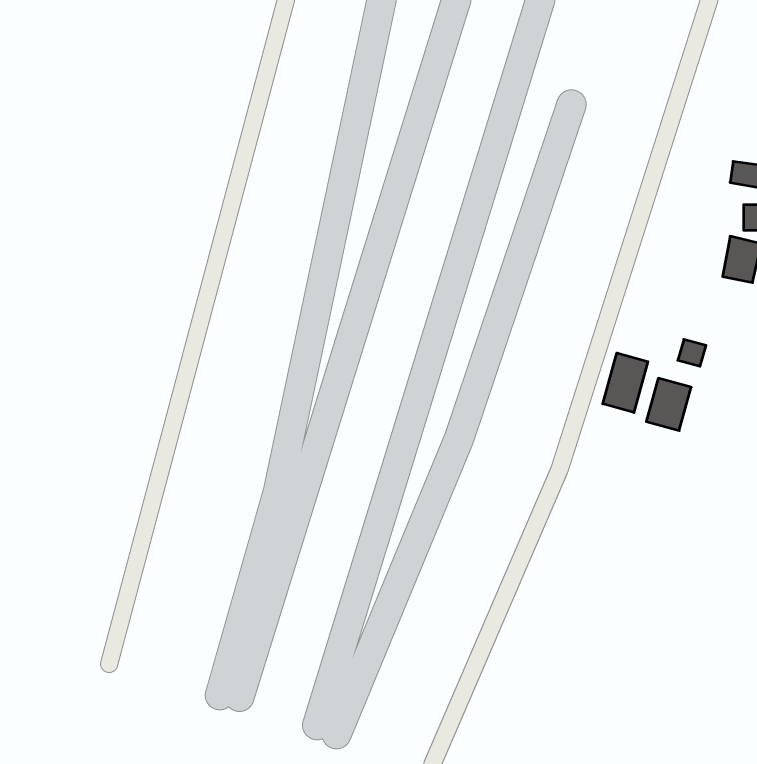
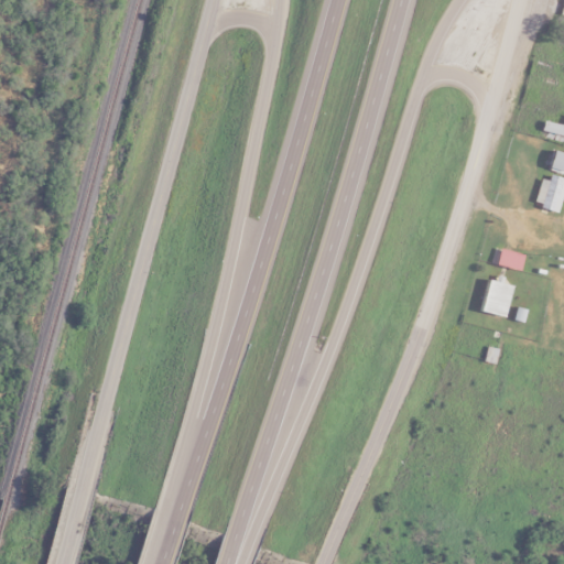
building: [603,353,648,413] -> none

